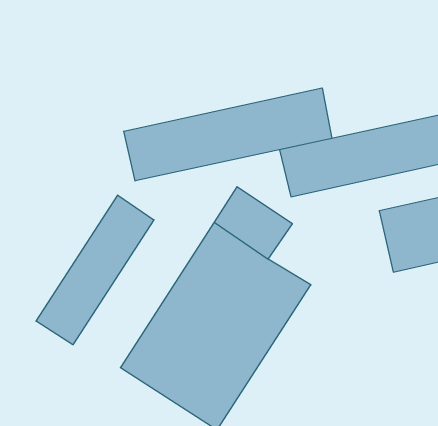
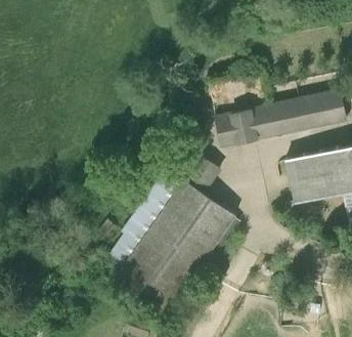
building: [124,88,332,181] -> none
building: [36,195,154,345] -> none

